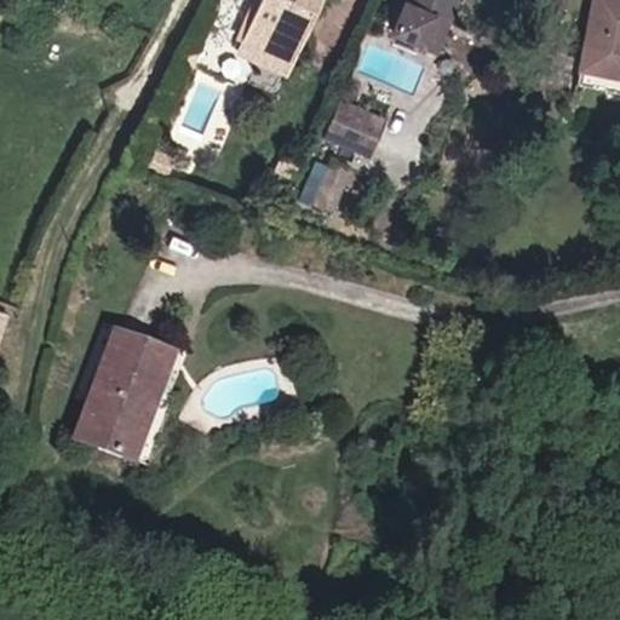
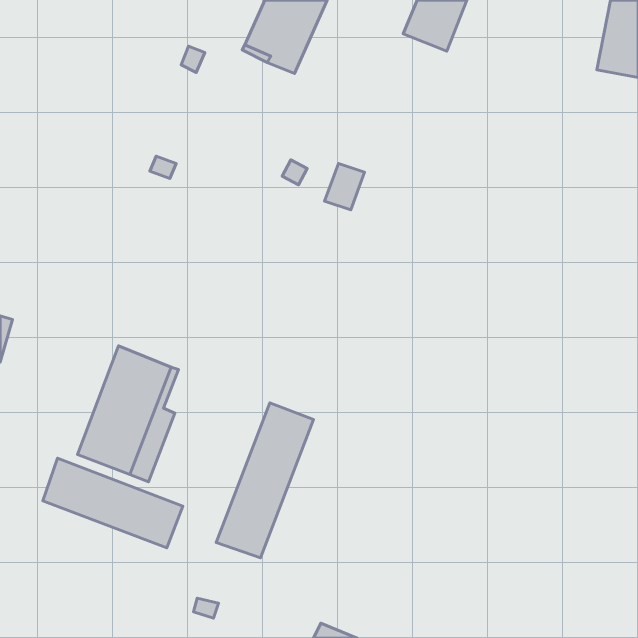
building: [323,102,383,156] -> none
building: none -> [216,403,313,558]
building: none -> [43,458,183,548]

